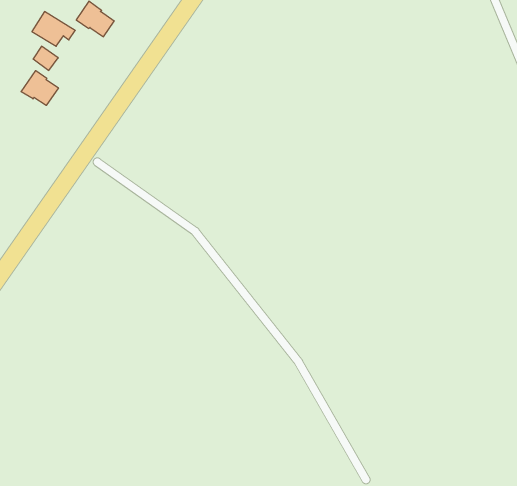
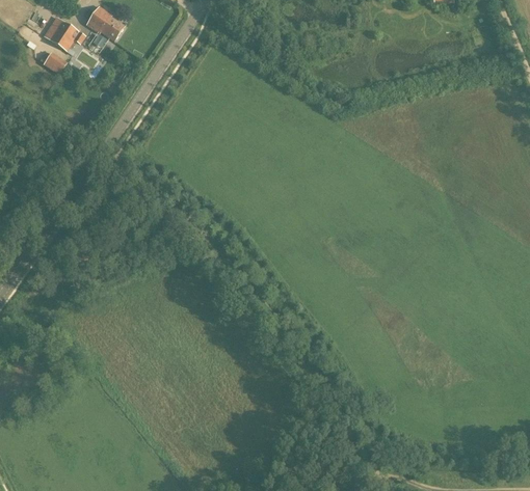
building: [21,71,58,105] -> none

